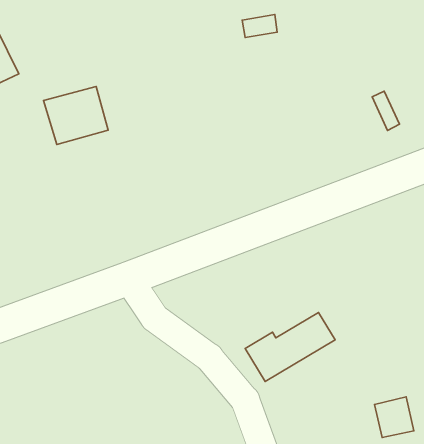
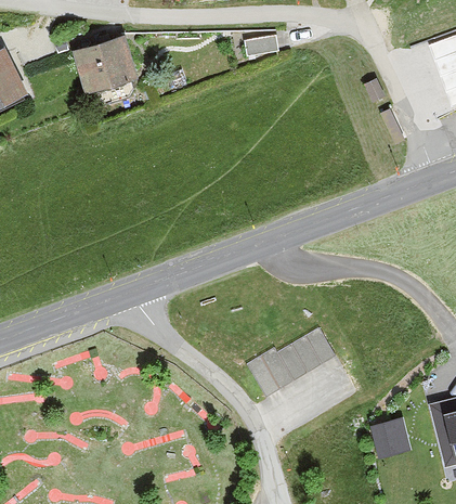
building: [44,86,108,144] -> [75,35,139,92]

